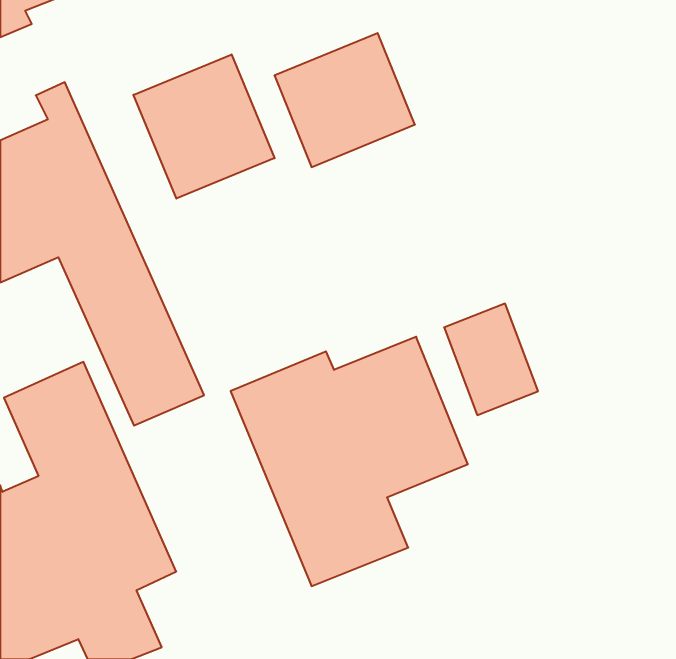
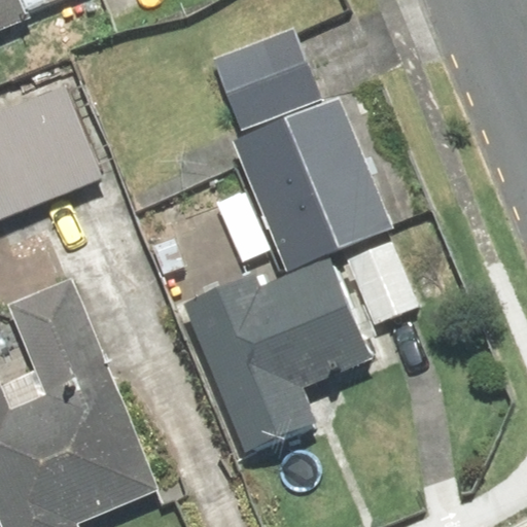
building: [133,54,275,199] -> none
building: none -> [217,98,390,270]

